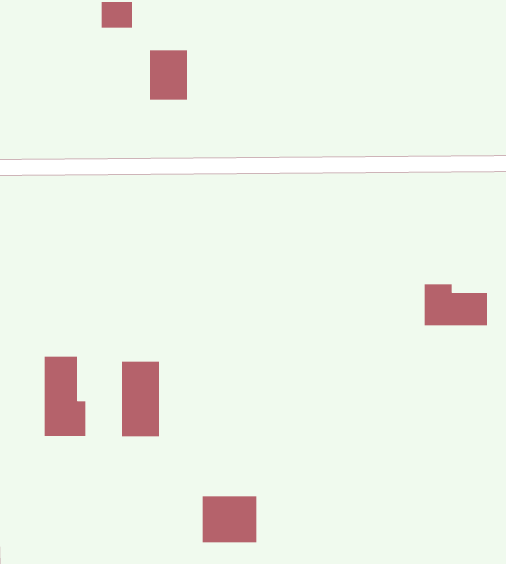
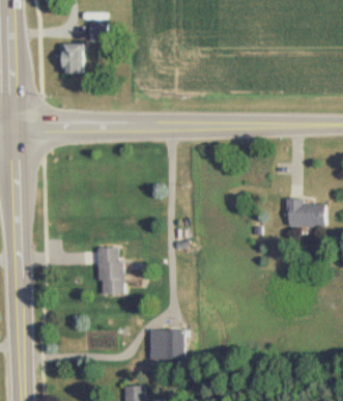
building: [149,50,188,100] -> [58,45,82,76]
building: [44,356,86,437] -> none

